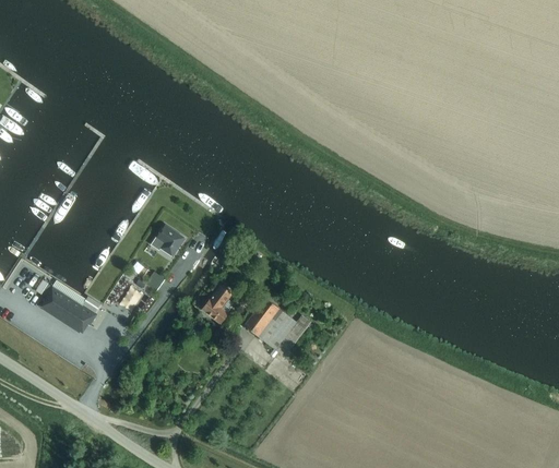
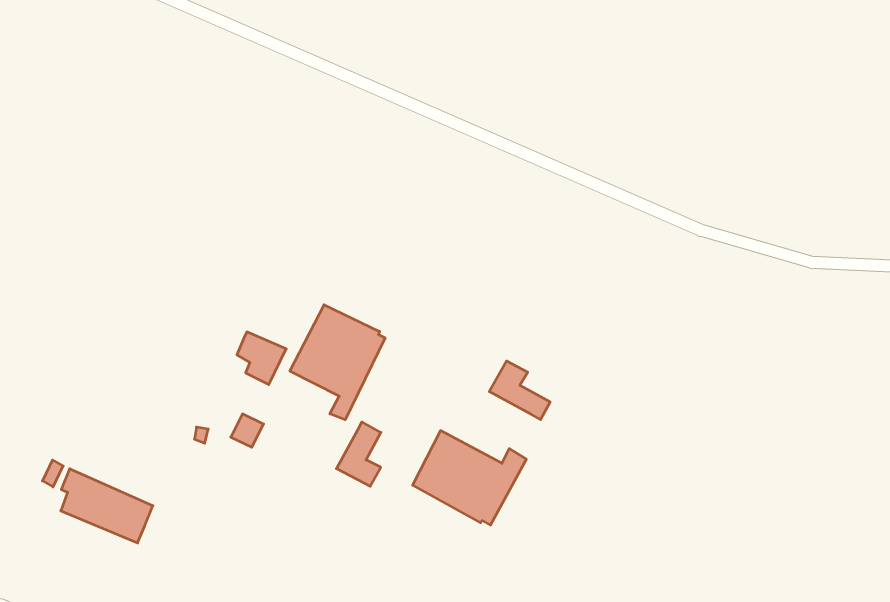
building: none -> [290,305,385,420]
building: none -> [489,361,550,420]

